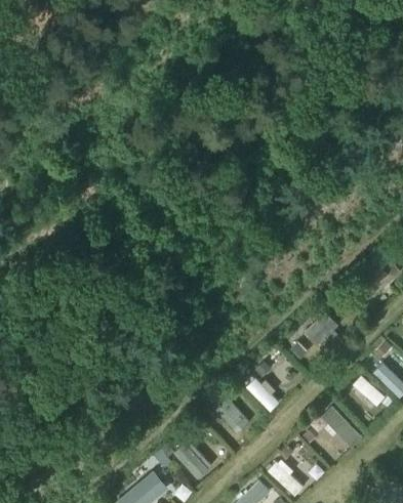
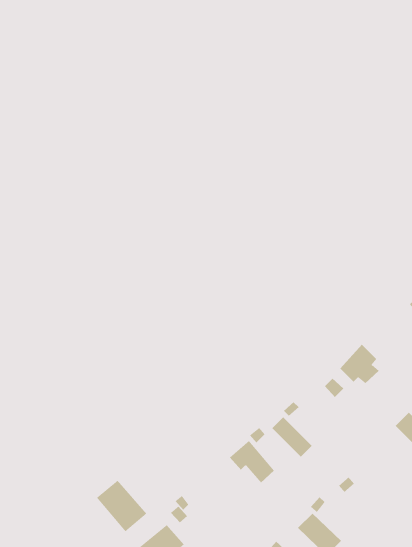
building: [322,407,362,451] -> none
building: none -> [96,480,147,532]
building: [175,439,210,477] -> none

